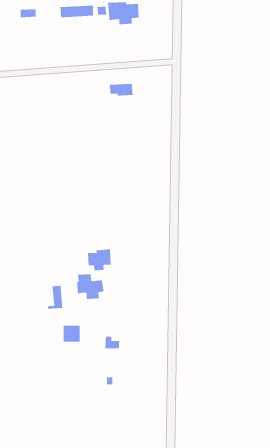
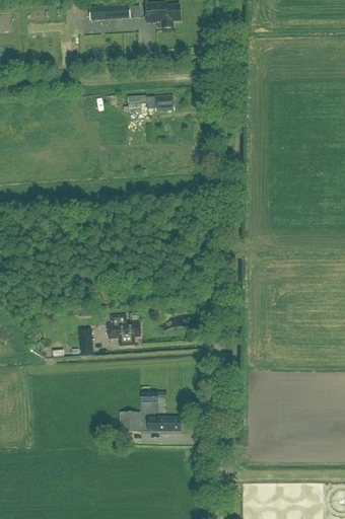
building: [87,249,112,271] -> none
building: [63,325,80,342] -> [121,413,141,433]
building: none -> [148,418,181,432]

